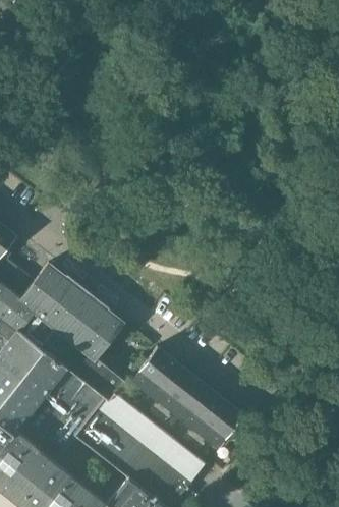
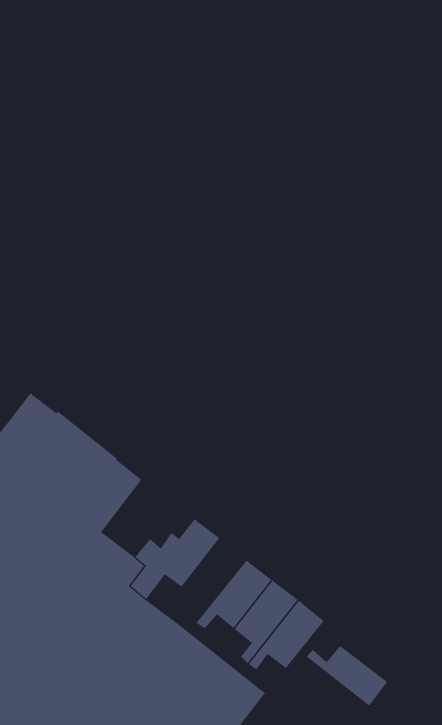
building: [148,361,190,417] -> none
building: none -> [306,645,388,707]

